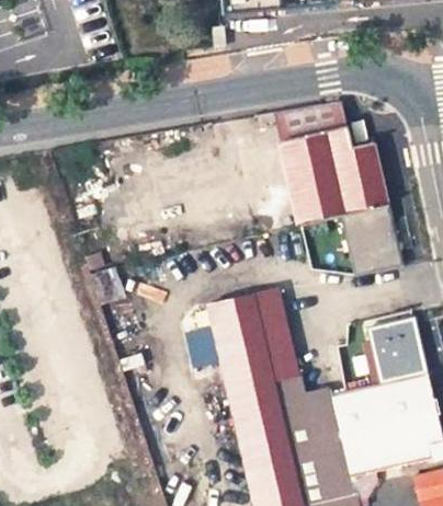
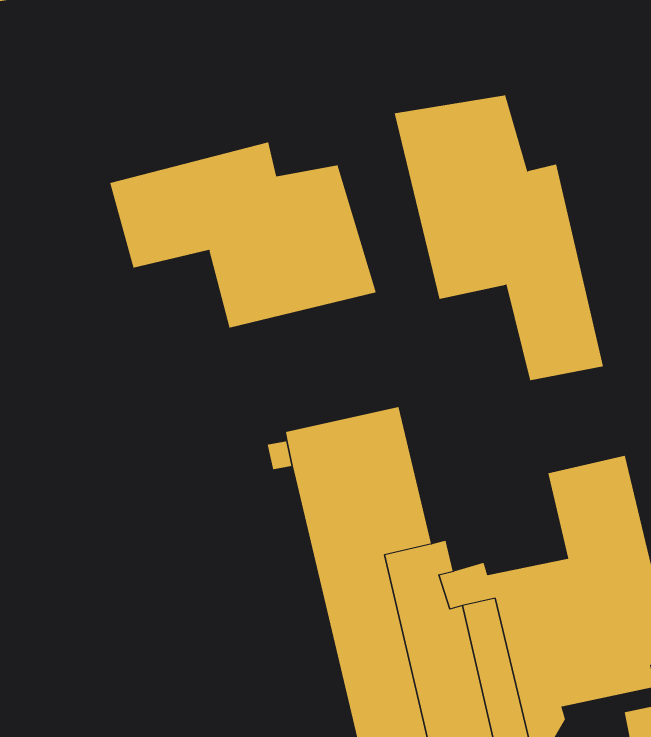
building: none -> [109,141,376,329]

